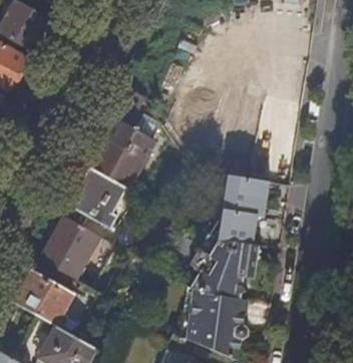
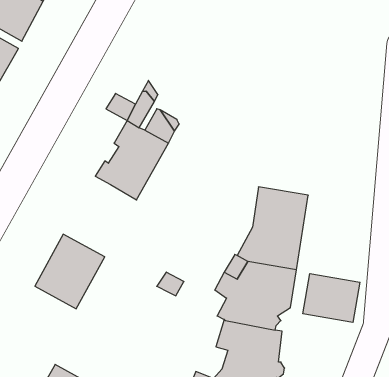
building: [69,165,135,249] -> none
building: none -> [303,274,360,322]
building: [14,272,71,324] -> none

